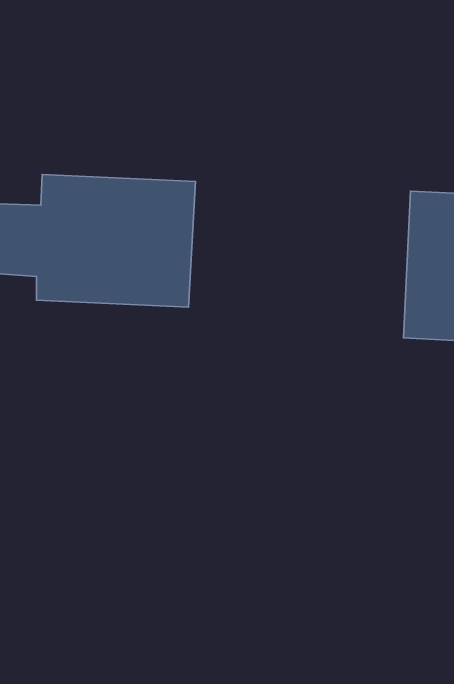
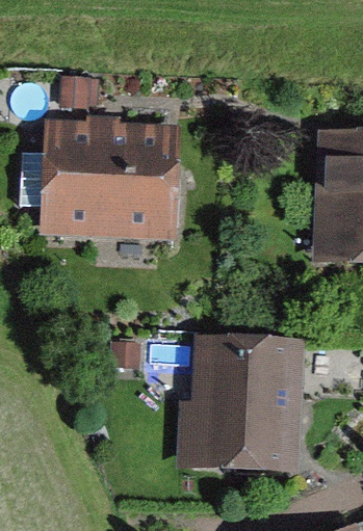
building: none -> [201,348,294,463]

